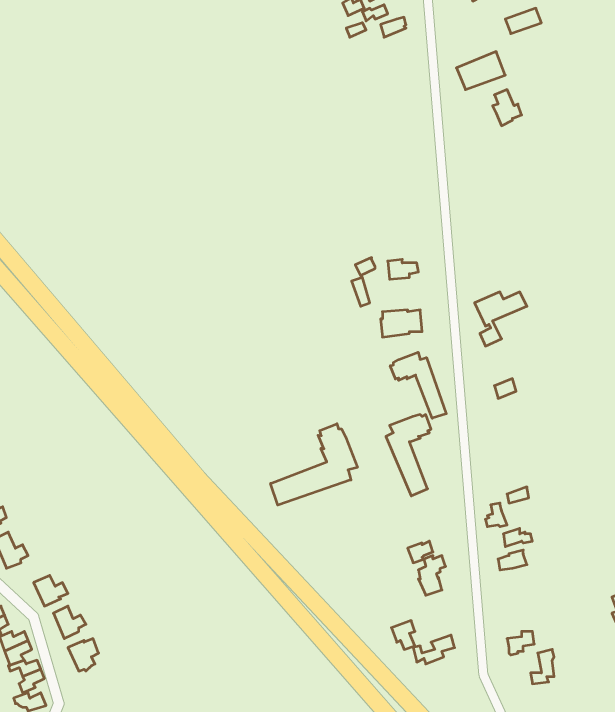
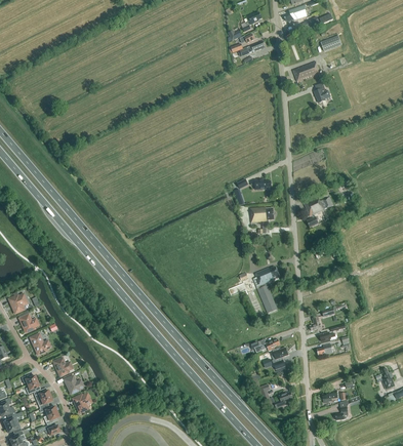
building: [390,352,446,418] -> none
building: [271,424,357,505] -> none

